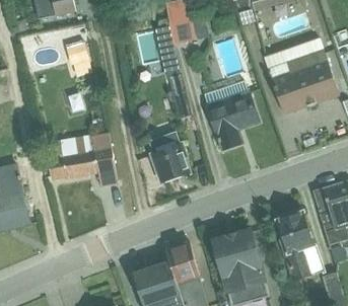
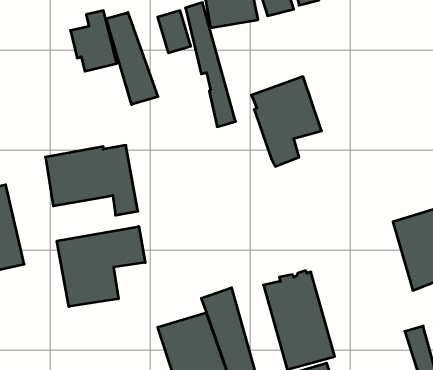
building: none -> [106,12,158,105]
building: [264,37,339,113] -> none
building: [149,132,190,183] -> none
building: none -> [57,226,145,307]
building: [276,210,323,282] -> none

